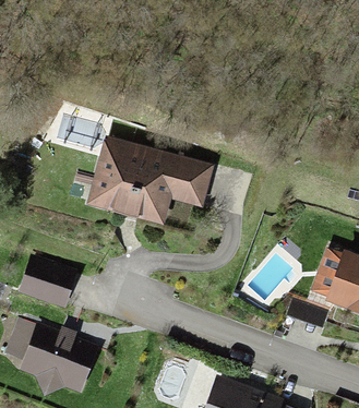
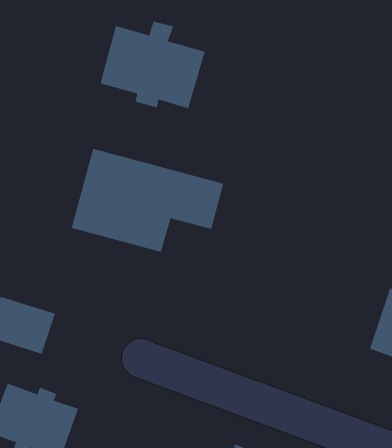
building: none -> [100,21,205,109]

